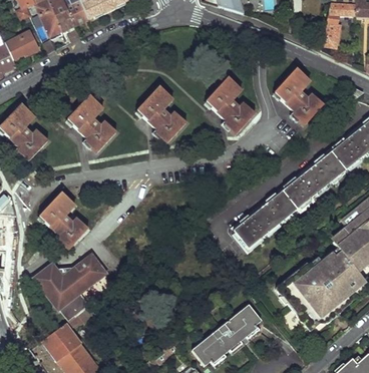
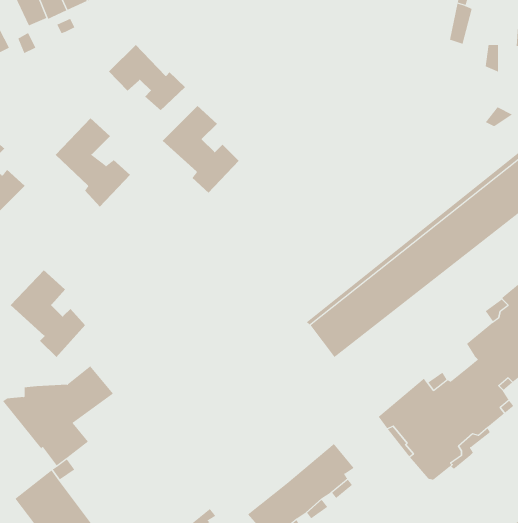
building: none -> [108,44,186,111]
building: [272,68,324,126] -> none
building: [207,76,255,134] -> none

